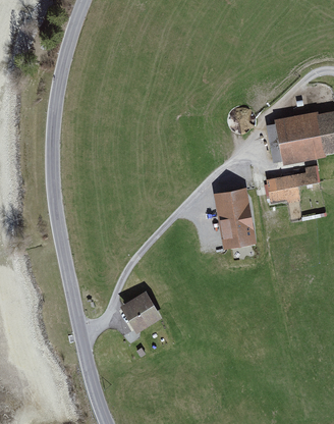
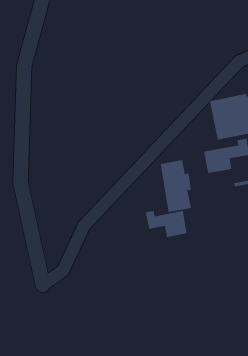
building: none -> [145,210,187,238]
building: [119,292,160,330] -> none

